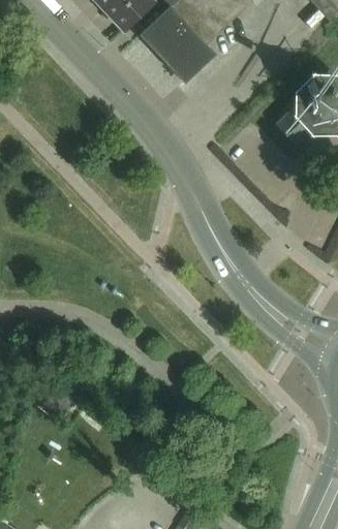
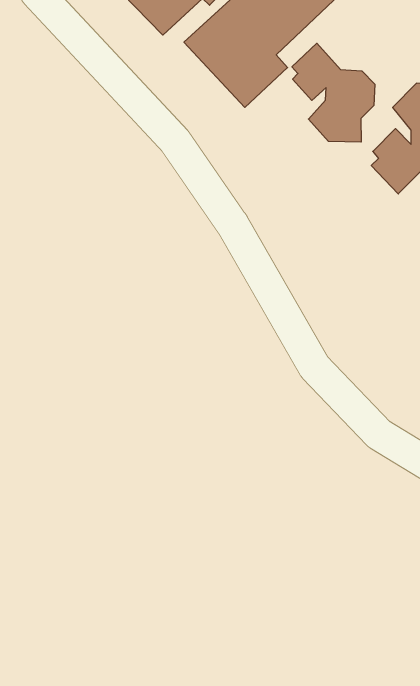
building: none -> [292,43,375,142]

